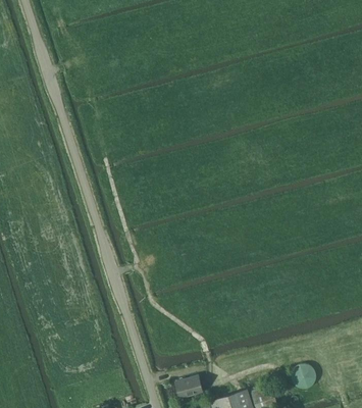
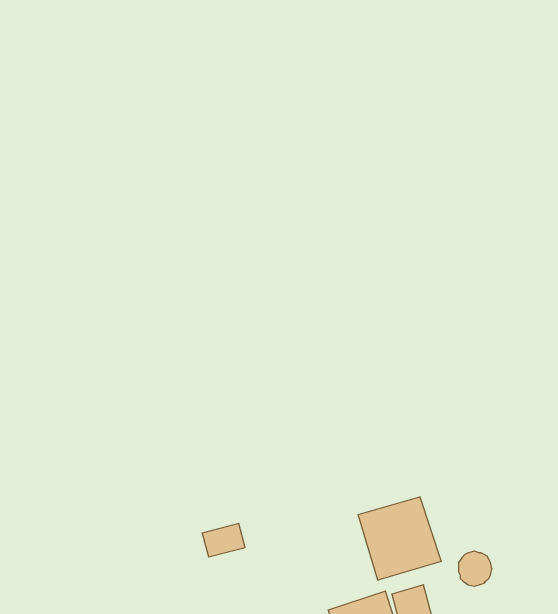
building: none -> [358,497,441,580]
building: [175,376,203,398] -> [202,524,245,557]

